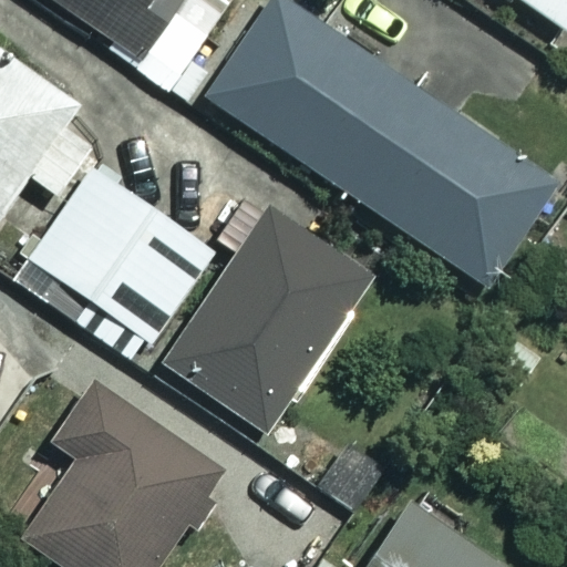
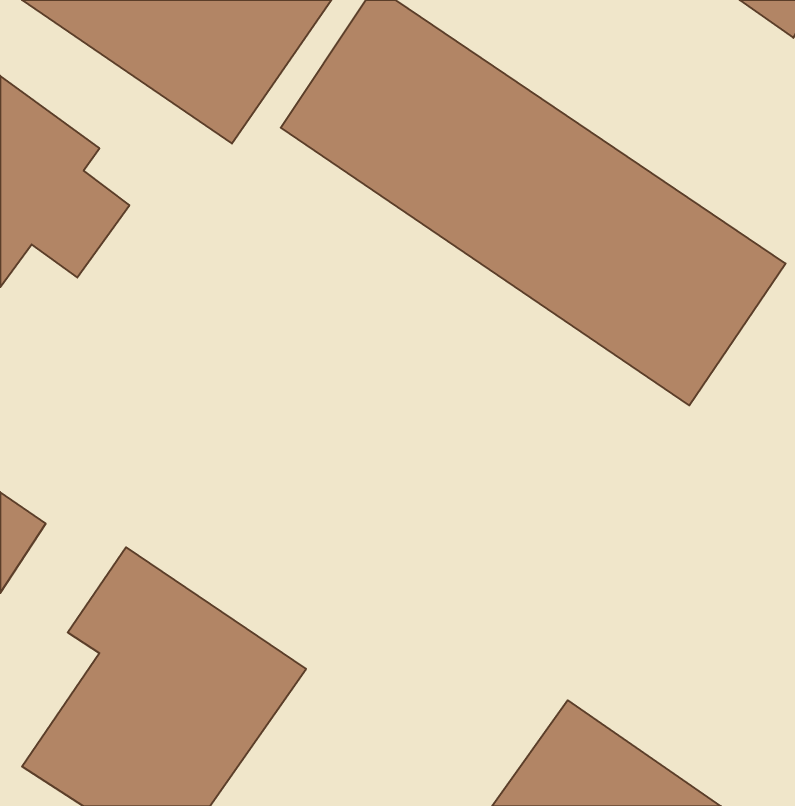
building: [31,166,216,316] -> none
building: [165,204,365,426] -> none

